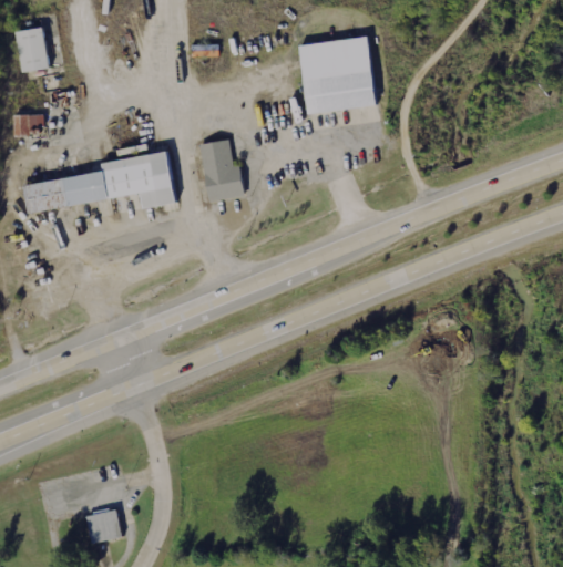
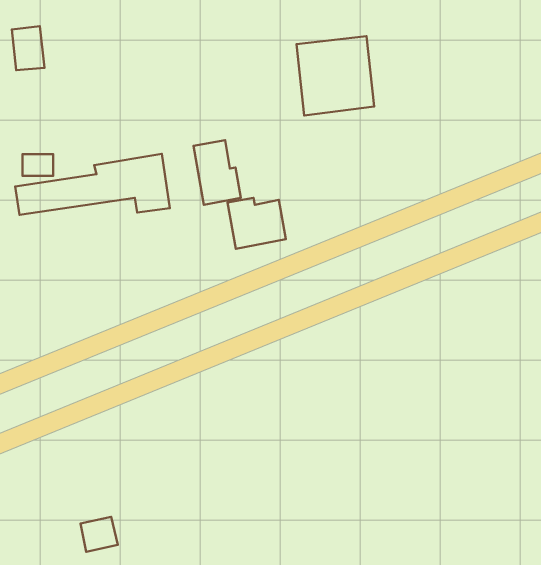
building: [16,113,45,134] -> [23,154,53,176]
building: none -> [227,198,286,249]

